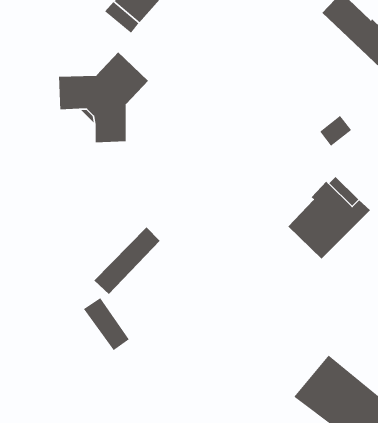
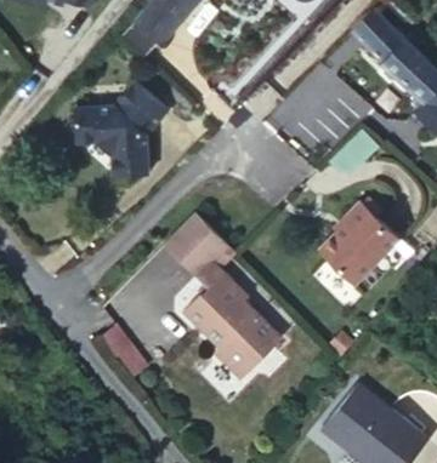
building: none -> [166,211,284,373]

